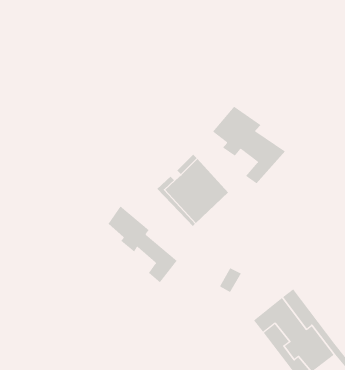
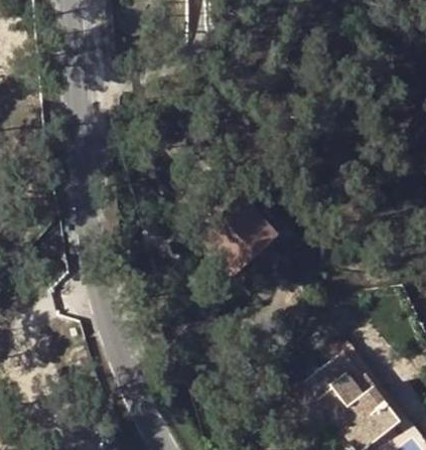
building: [212,106,286,184] -> none
building: [108,206,178,283] -> none

